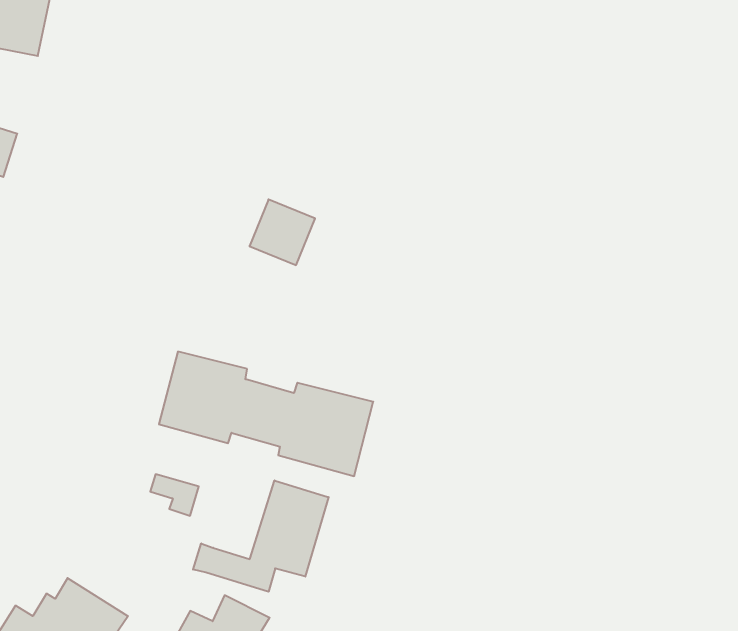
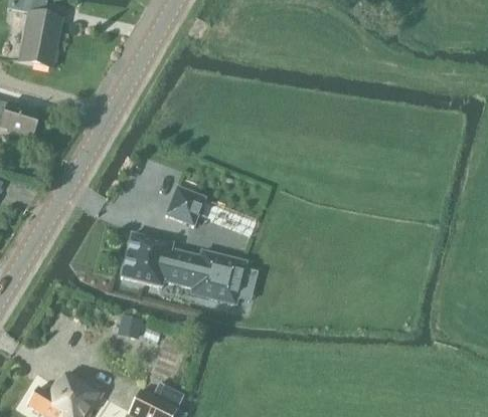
building: [249,199,315,265] -> [166,186,204,224]
building: [193,480,329,592] -> none

